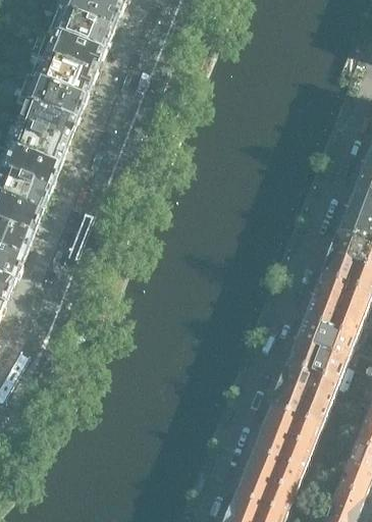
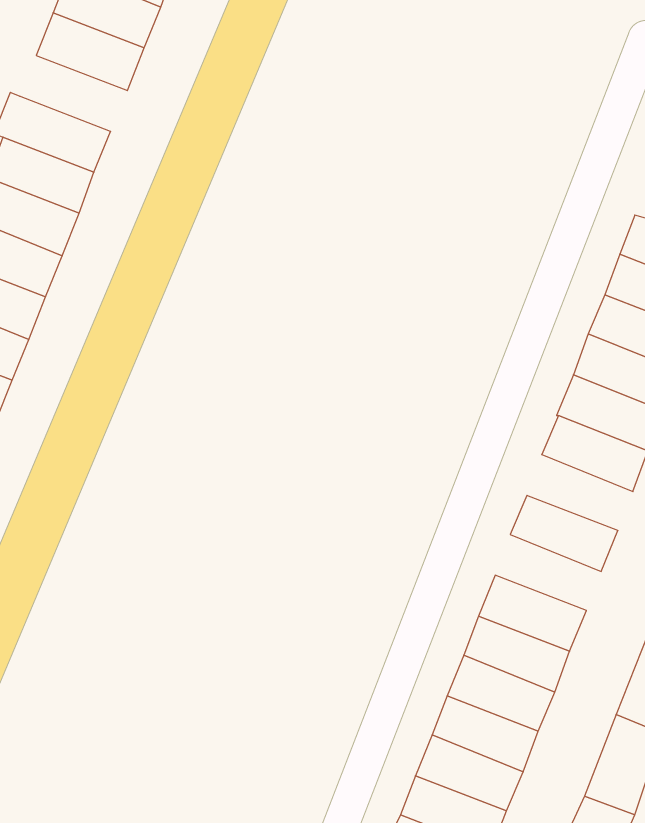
building: [26,77,86,119] -> none
building: [305,297,363,338] -> none
building: [287,341,346,382] -> none

